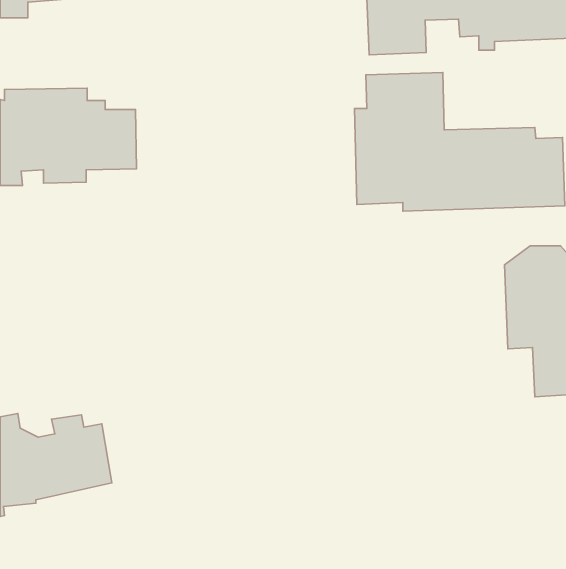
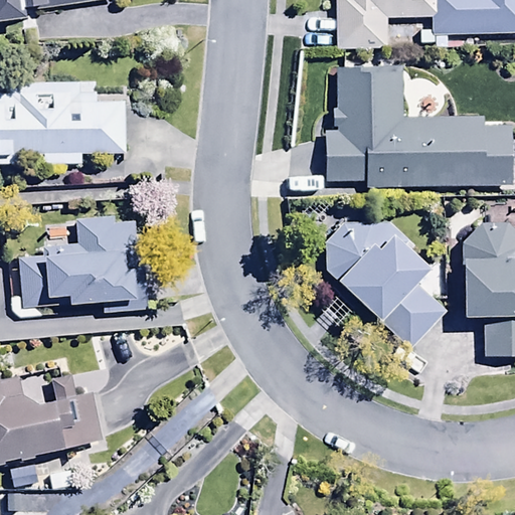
building: none -> [20,214,139,306]
building: none -> [310,219,449,347]

